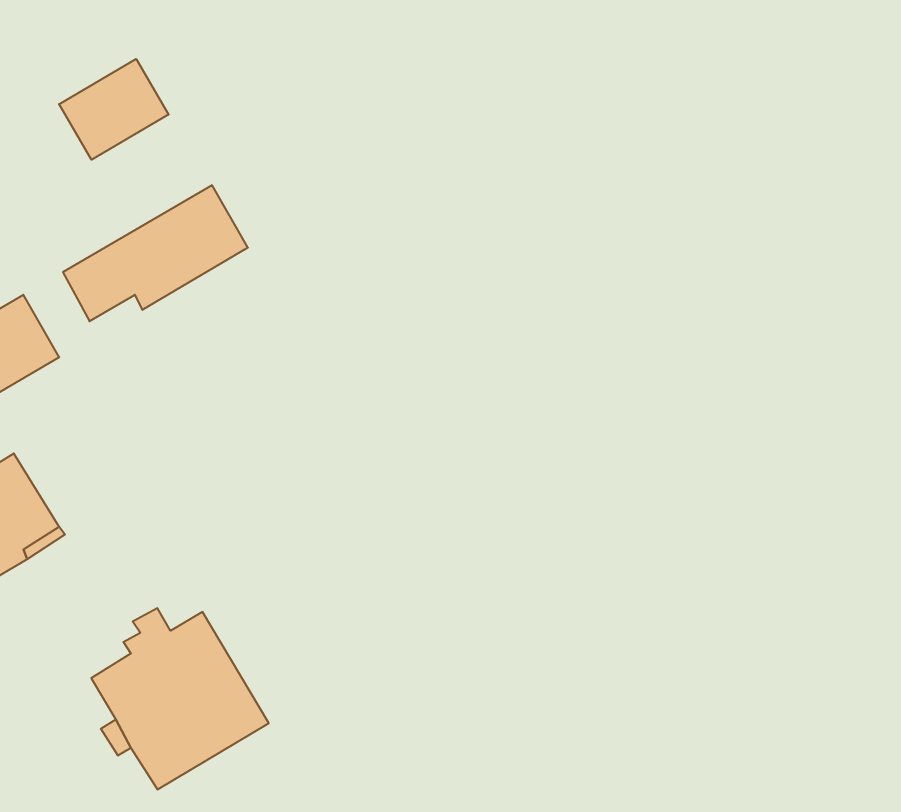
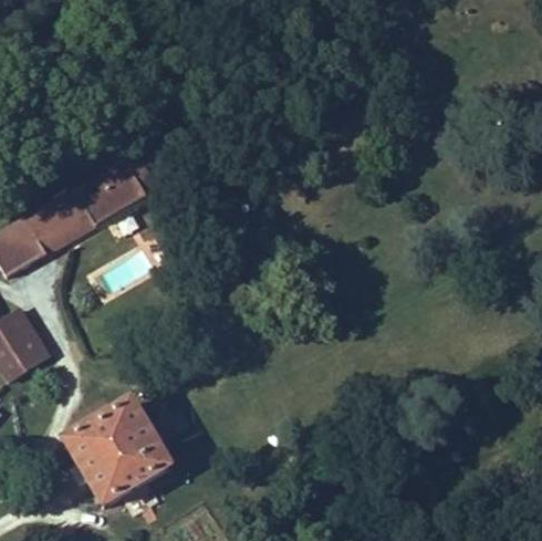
building: [59,59,169,160] -> none
building: none -> [25,204,95,253]

